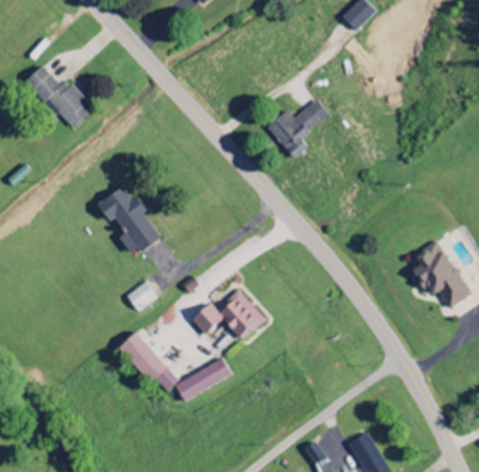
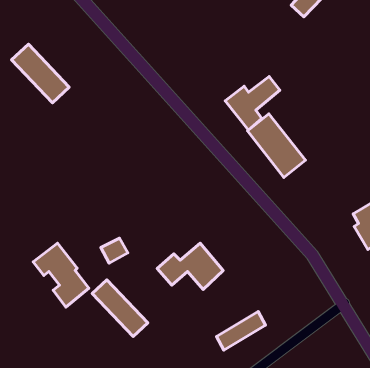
building: none -> [247,114,305,177]
building: [95,183,158,255] -> [33,243,89,307]
building: [173,357,229,401] -> [216,312,266,350]

